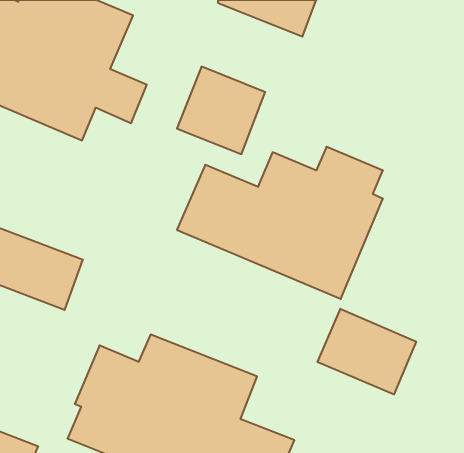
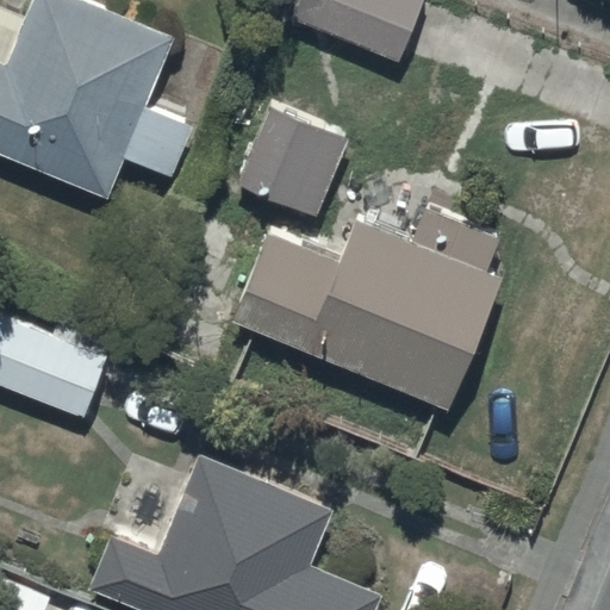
building: [318,309,416,394] -> none

